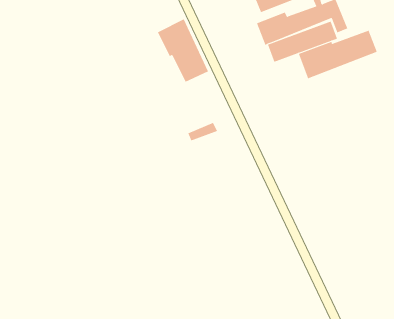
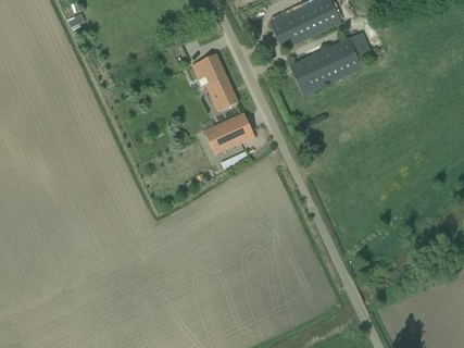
building: [298,30,378,79] -> none
building: none -> [206,117,256,151]

